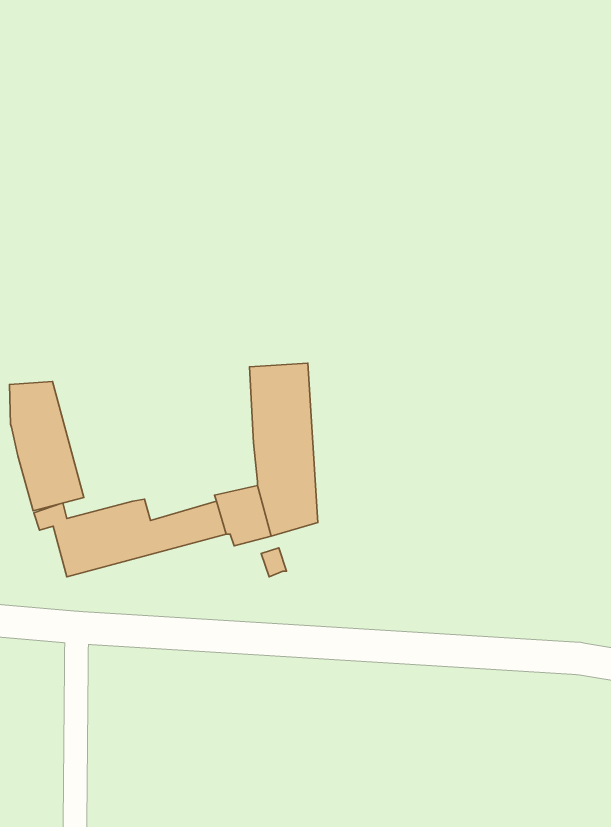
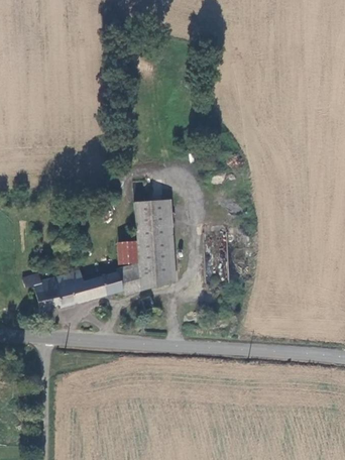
building: [10,381,84,511] -> none
building: none -> [120,241,142,263]

